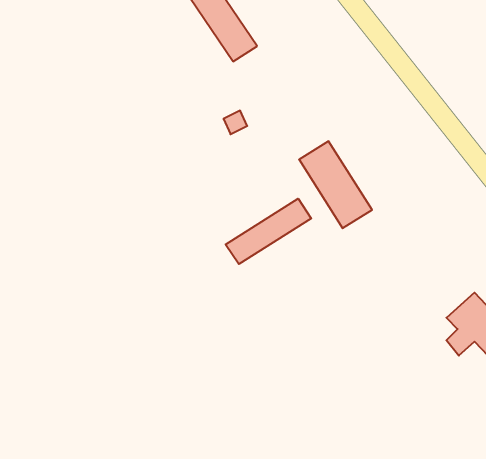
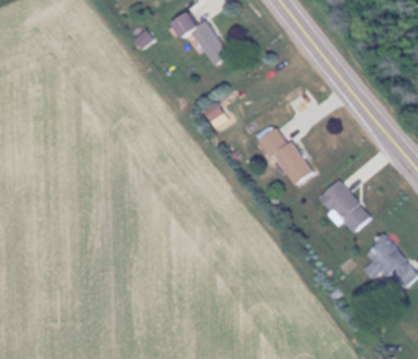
building: [226,199,311,264] -> none
building: none -> [320,180,371,233]

